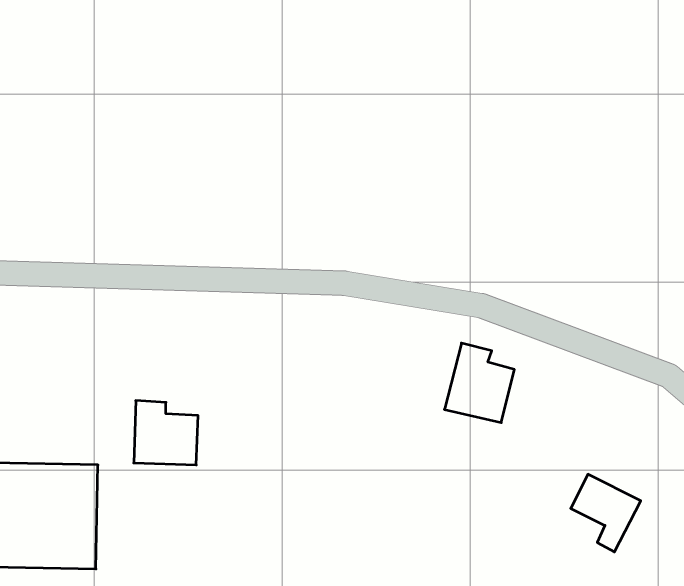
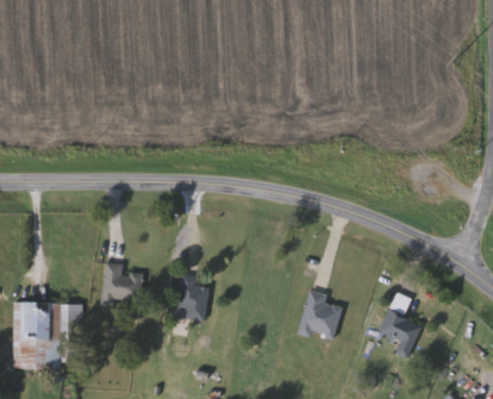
building: [444,343,514,423] -> [299,289,343,339]
building: none -> [175,273,210,319]

